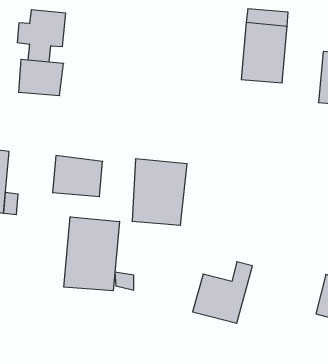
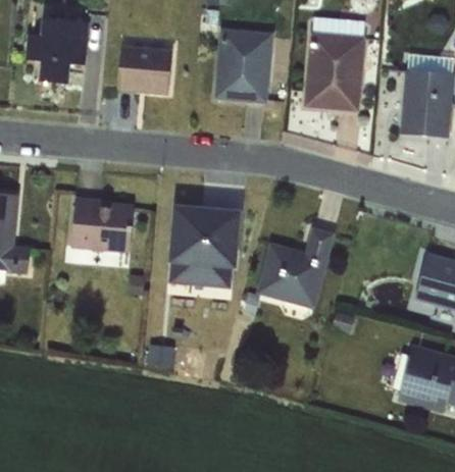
building: none -> [216,32,271,101]
building: [19,59,64,96] -> [118,48,174,93]
building: [64,217,119,291] -> none
building: [193,262,252,323] -> [258,229,333,306]

